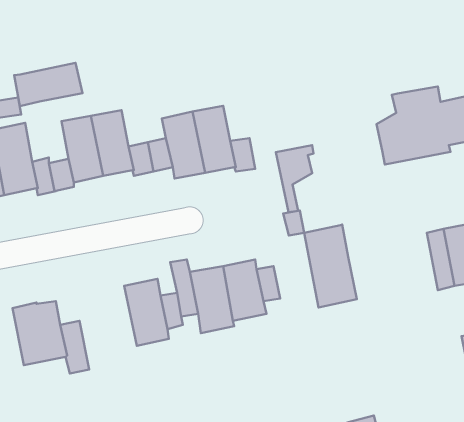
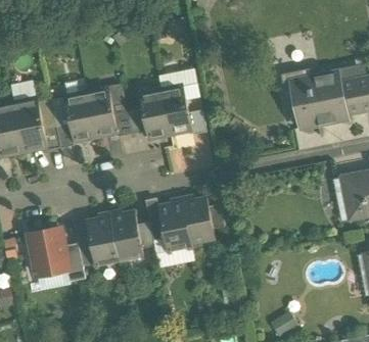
building: [14,63,82,106] -> none
building: [276,145,314,212] -> [284,69,312,118]
building: [304,225,357,307] -> none
building: none -> [87,216,121,264]

